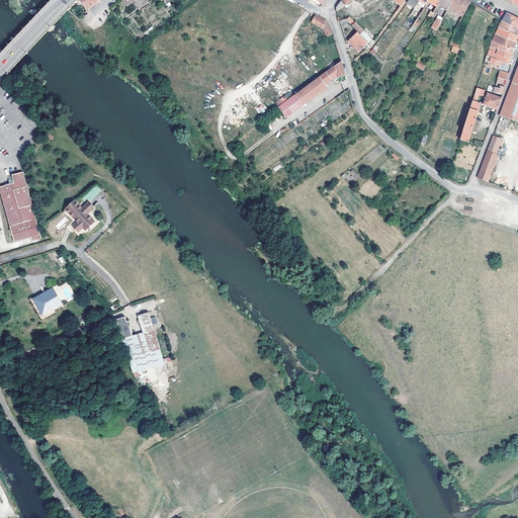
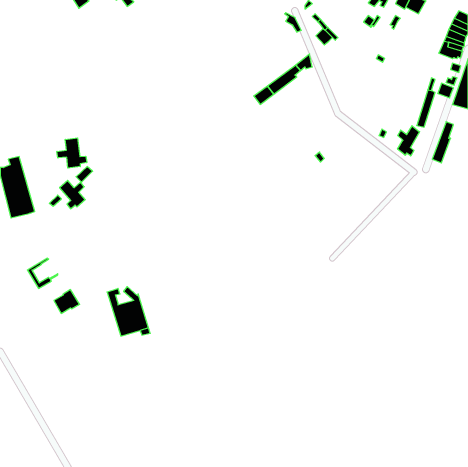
building: none -> [398,126,420,156]
building: none -> [57,138,87,168]
building: [35,286,64,313] -> [54,290,80,313]

